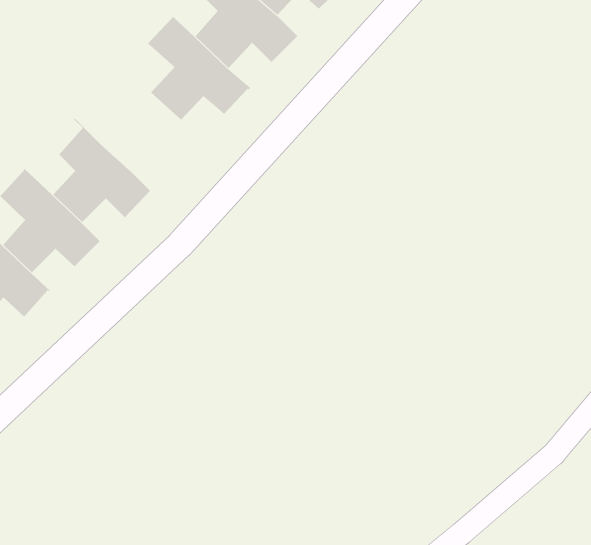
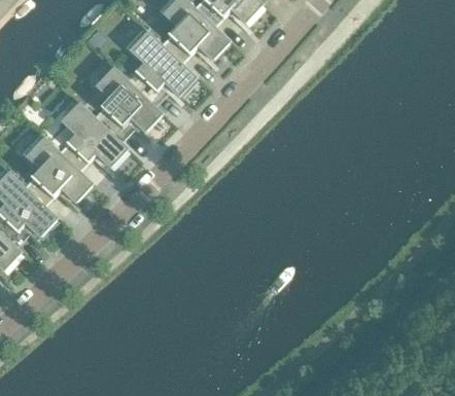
building: none -> [93,63,163,136]

